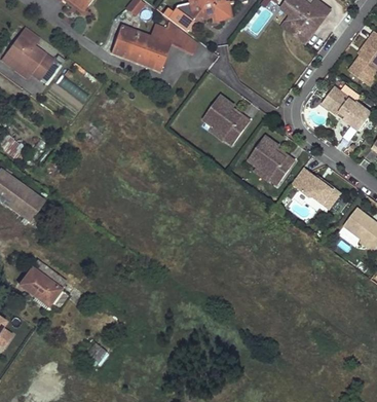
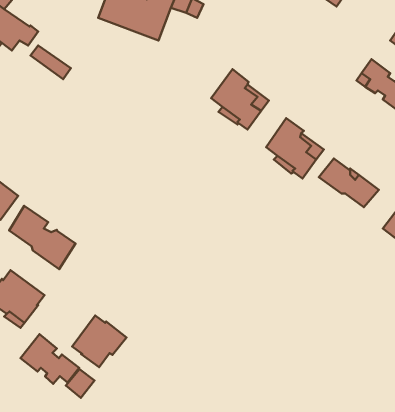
building: none -> [9,206,76,269]
building: none -> [72,315,127,367]
building: none -> [20,334,79,384]

